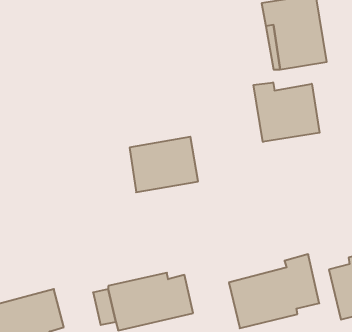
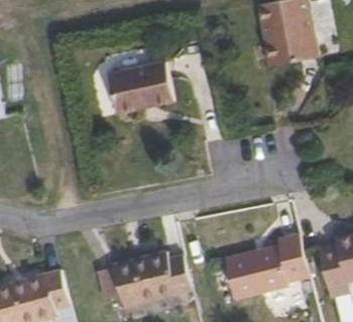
building: [254,82,320,142] -> none
building: [130,137,198,192] -> [105,61,168,113]

